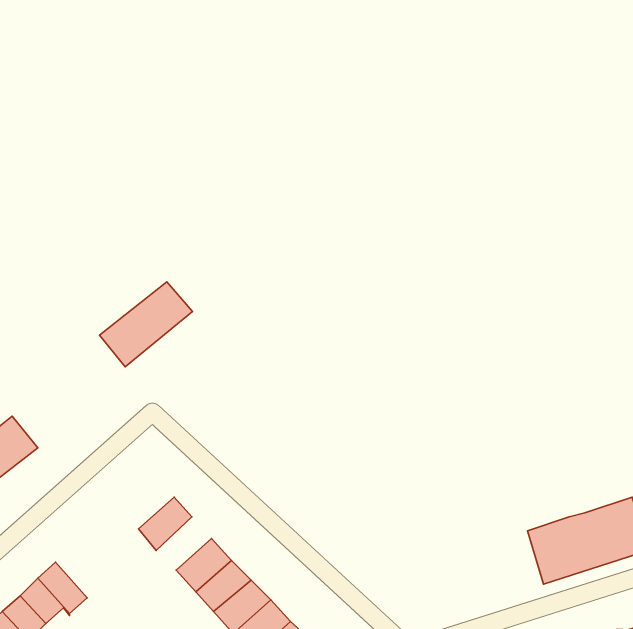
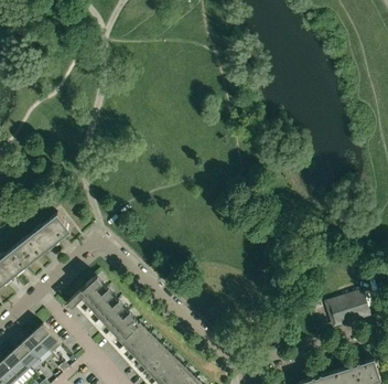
building: [100,282,192,367] -> [18,214,69,262]
building: none -> [65,276,108,309]
building: none -> [98,300,129,330]

